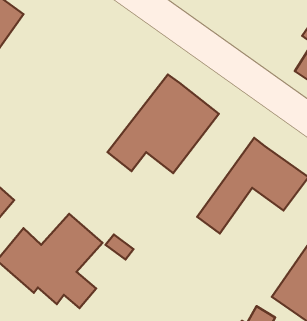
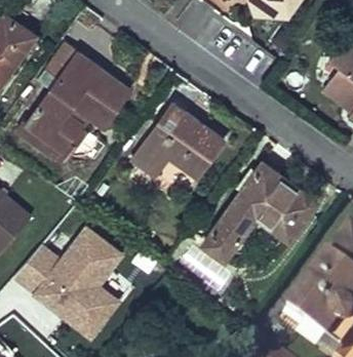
building: none -> [23,43,132,166]

